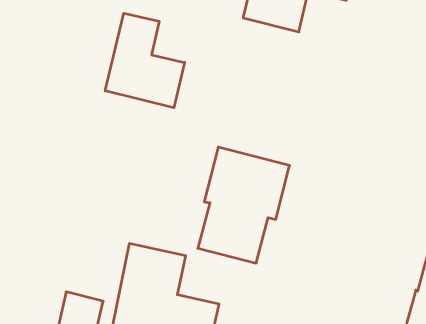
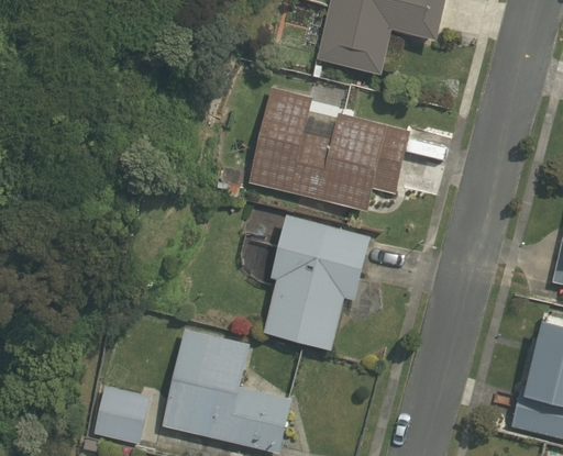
building: [105,13,185,108] -> none
building: none -> [249,86,412,212]

